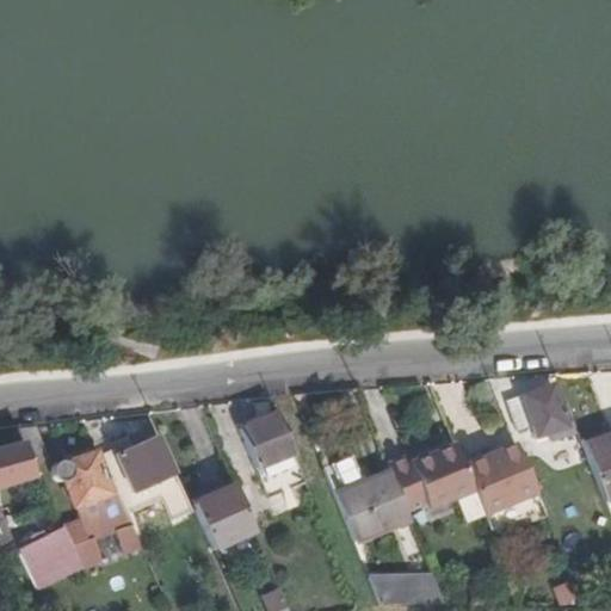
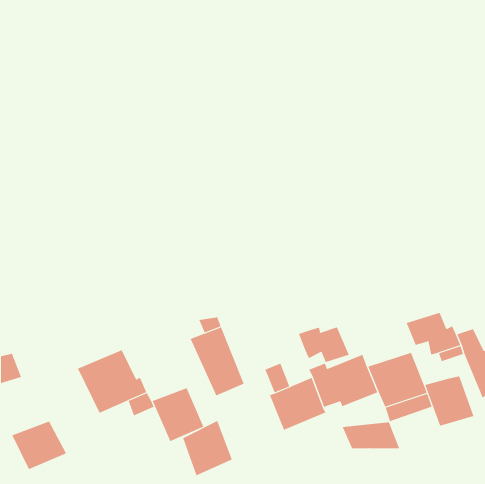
building: none -> [298,327,349,363]
building: [51,451,141,567] -> none
building: none -> [425,375,474,426]
building: none -> [183,420,233,476]
building: [372,567,445,600] -> [342,422,400,449]

